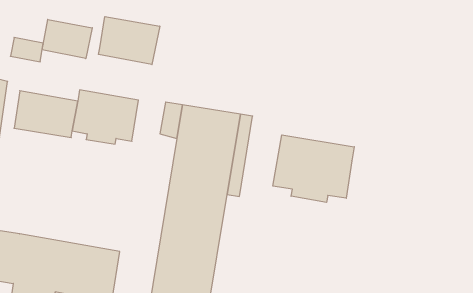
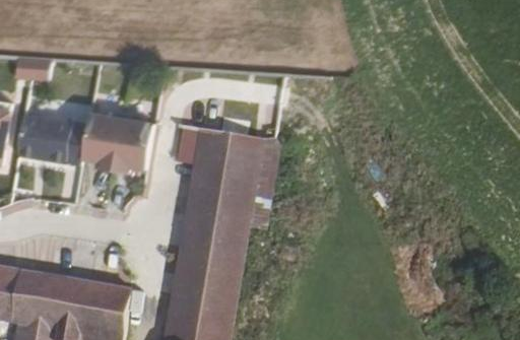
building: [98,17,160,65] -> none
building: [42,19,92,59] -> none
building: [273,135,354,202] -> none

